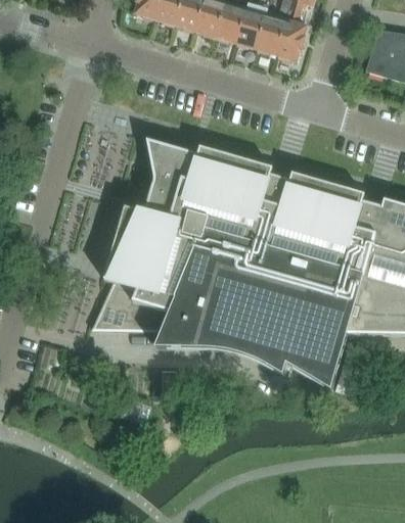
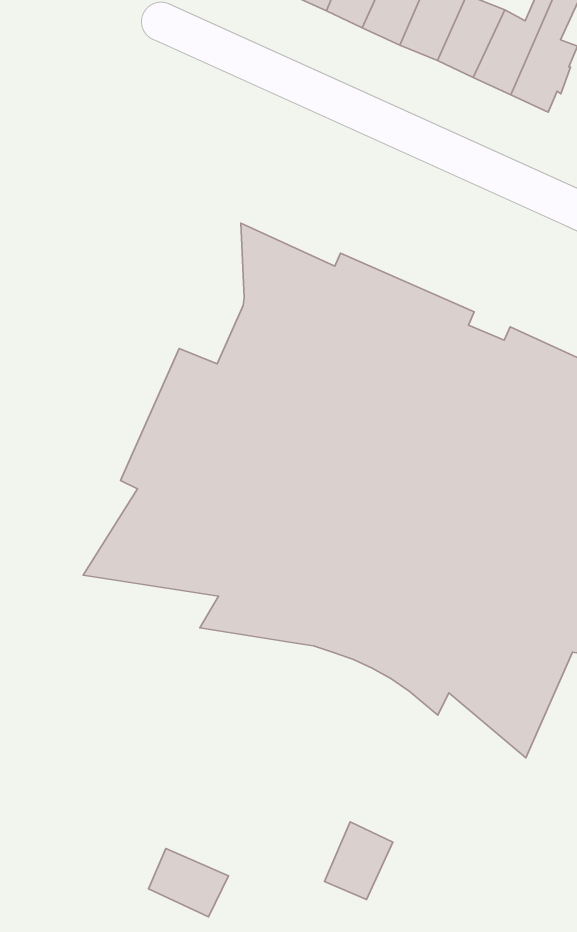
building: none -> [324,822,393,899]
building: none -> [149,848,228,917]

